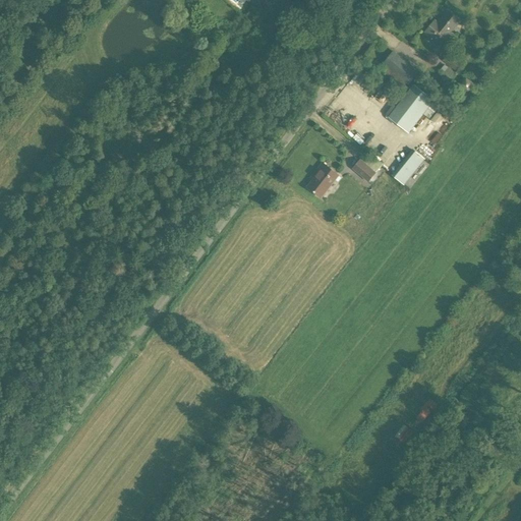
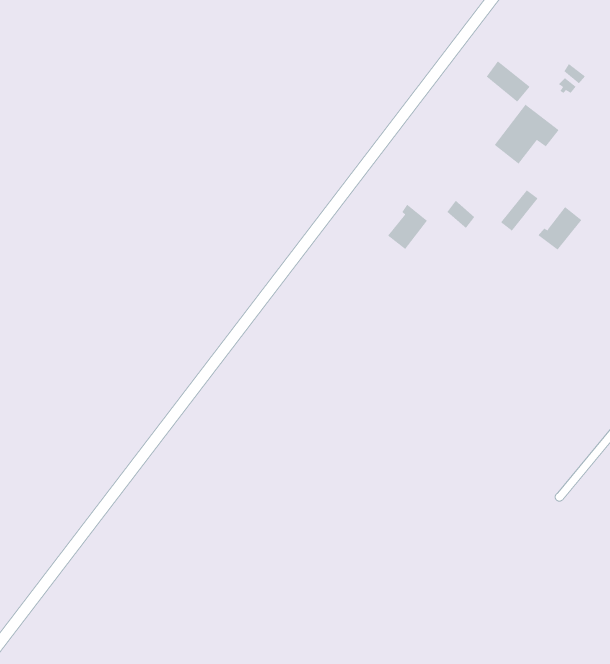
building: [424,10,459,46] -> none
building: none -> [537,206,582,251]

